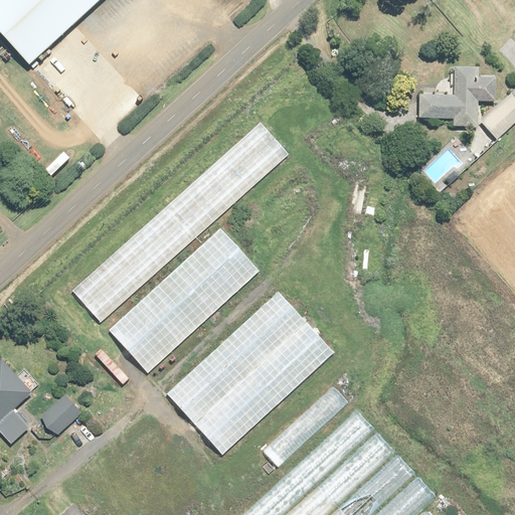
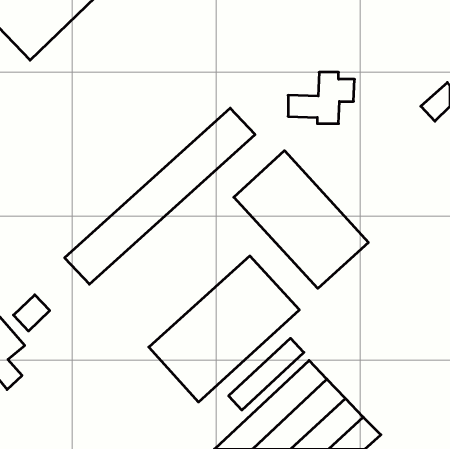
building: [417,66,493,125] -> [288,72,355,124]
building: none -> [234,151,368,288]
building: [110,228,258,369] -> none
building: [37,393,78,435] -> [13,295,50,331]

